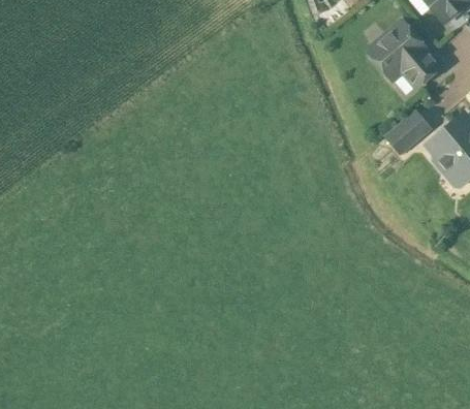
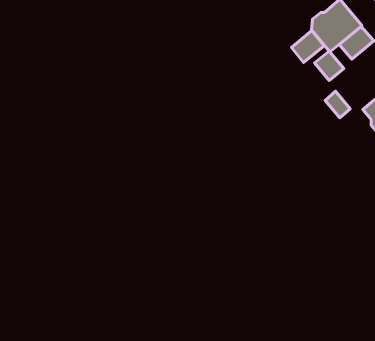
building: none -> [292,31,324,63]
building: [397,111,430,144] -> [314,51,344,80]

